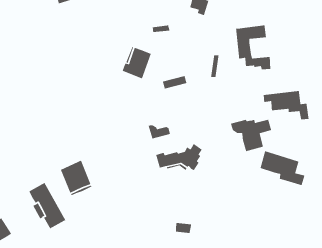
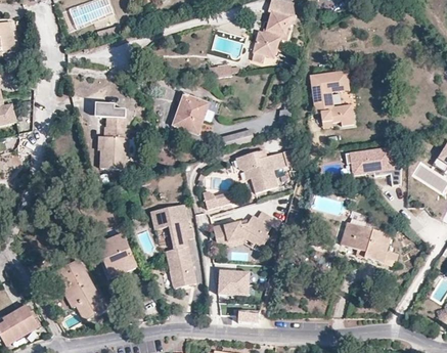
building: none -> [99,103,128,169]
building: [230,119,272,152] -> [235,153,287,194]
building: none -> [150,203,197,286]
building: none -> [217,271,249,295]

